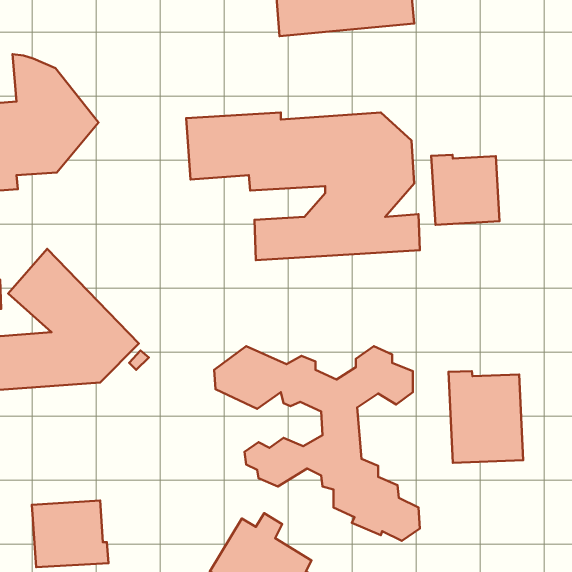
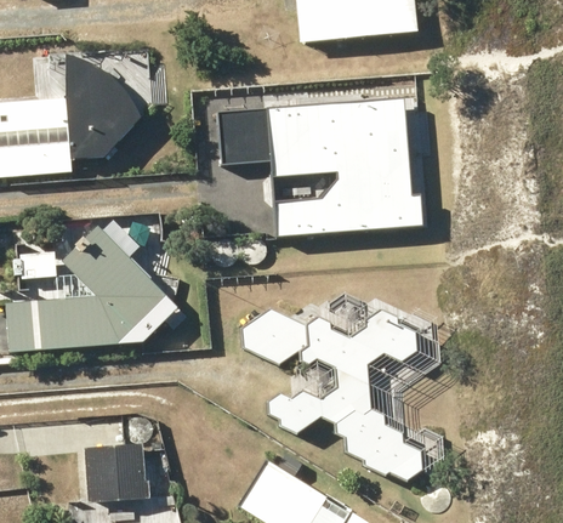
building: [431,155,500,225] -> none
building: [448,371,523,463] -> none

